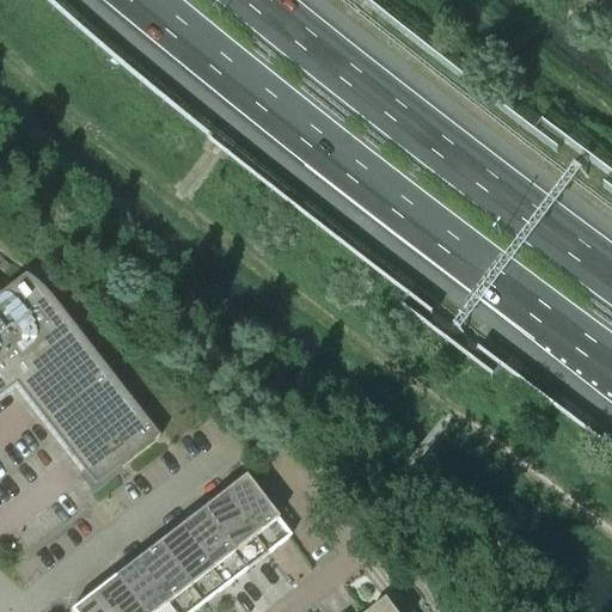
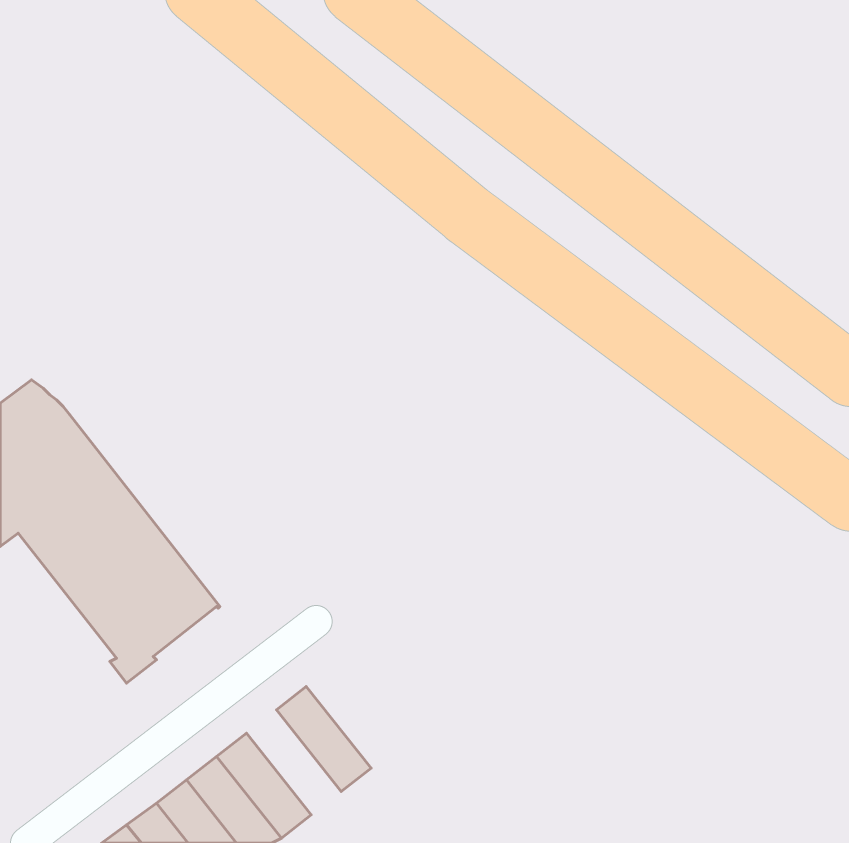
building: [221,475,289,551] -> none
building: [178,509,246,585] -> none

